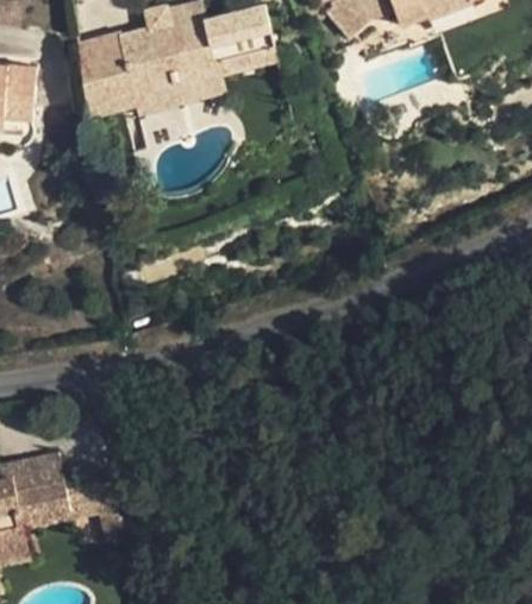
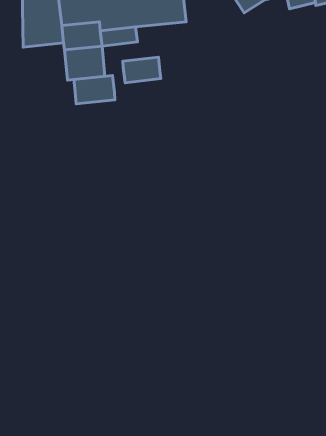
building: none -> [123,57,161,83]
building: none -> [74,76,115,104]

